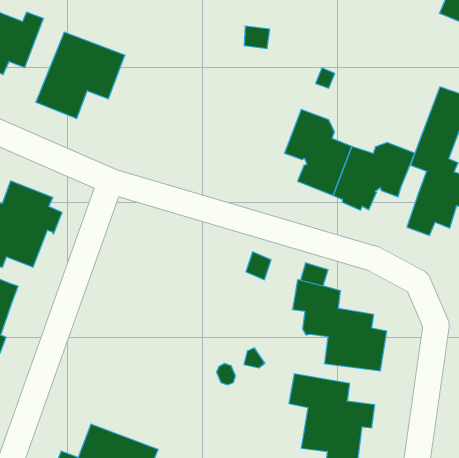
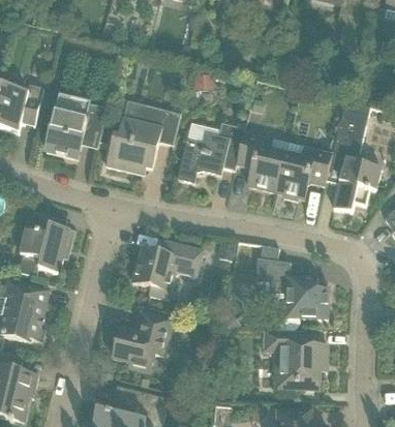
building: none -> [105,99,180,173]
building: none -> [177,121,244,182]
building: none -> [130,242,203,299]
building: none -> [113,311,172,370]

